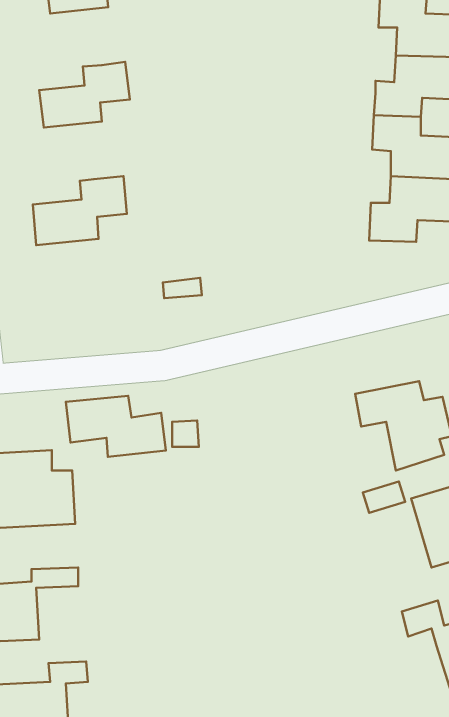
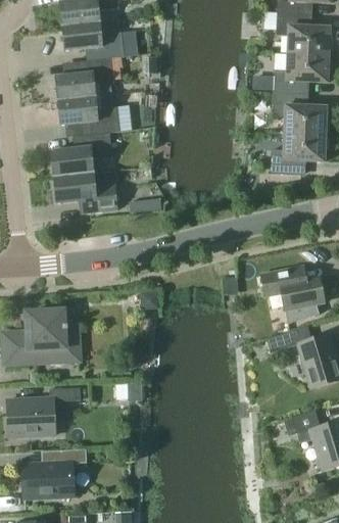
building: none -> [61,21,124,59]
building: none -> [57,96,131,134]
building: [66,396,166,457] -> [52,173,117,212]

